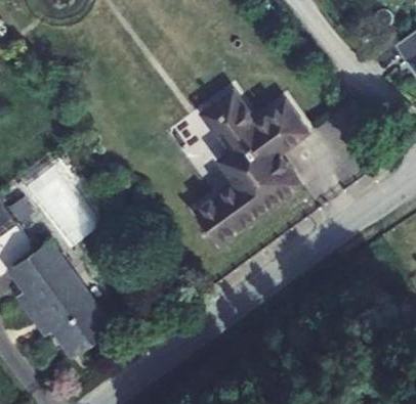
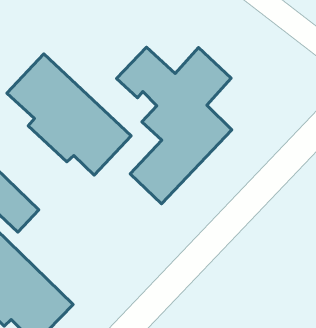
building: none -> [7,54,131,175]

